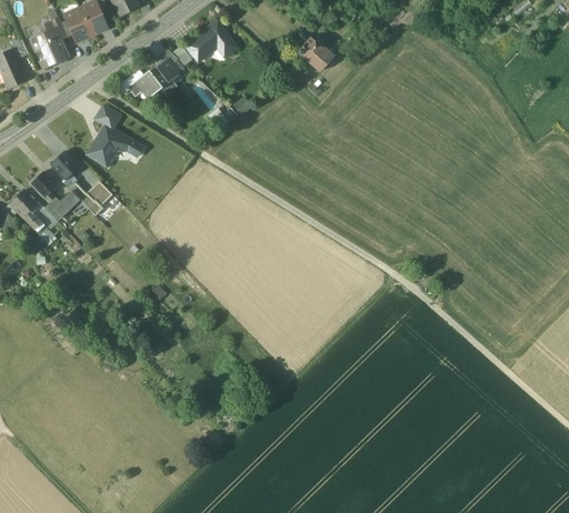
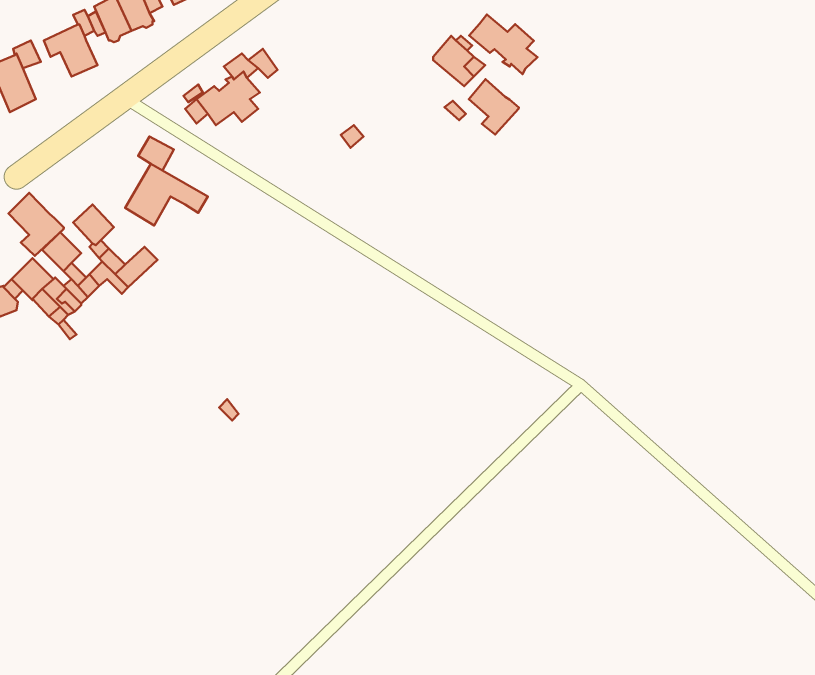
building: [186,21,237,62] -> none
building: none -> [469,15,538,74]
building: none -> [469,79,519,135]
building: none -> [9,193,64,256]

